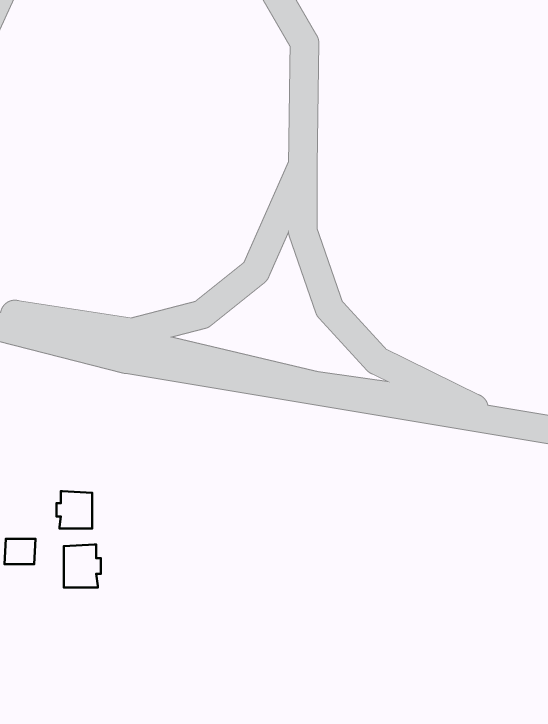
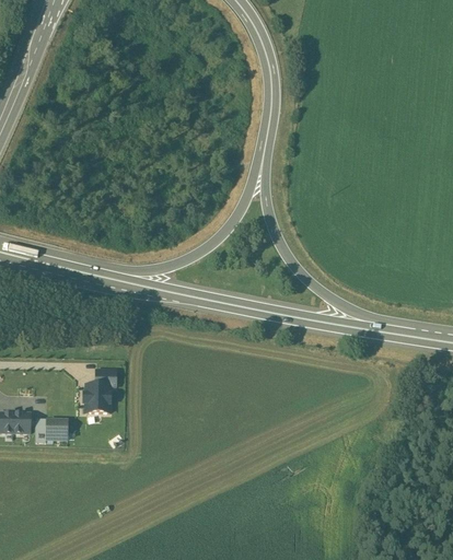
building: [64,544,101,588] -> none

